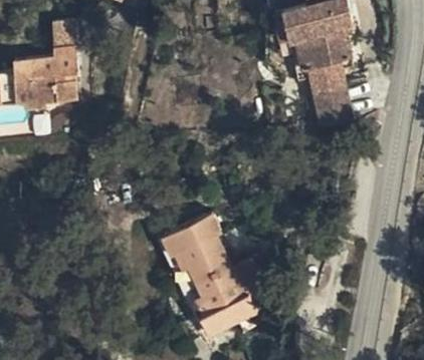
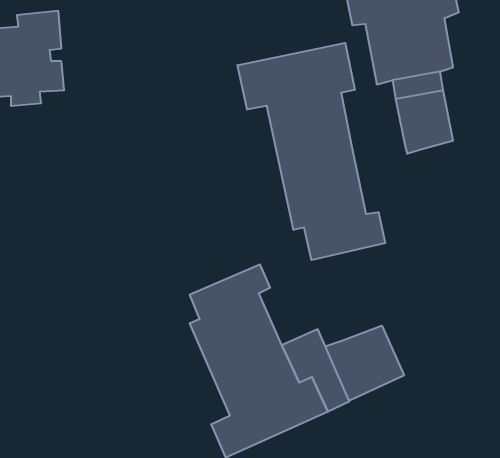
building: none -> [237,43,385,260]
building: none -> [326,326,404,401]

